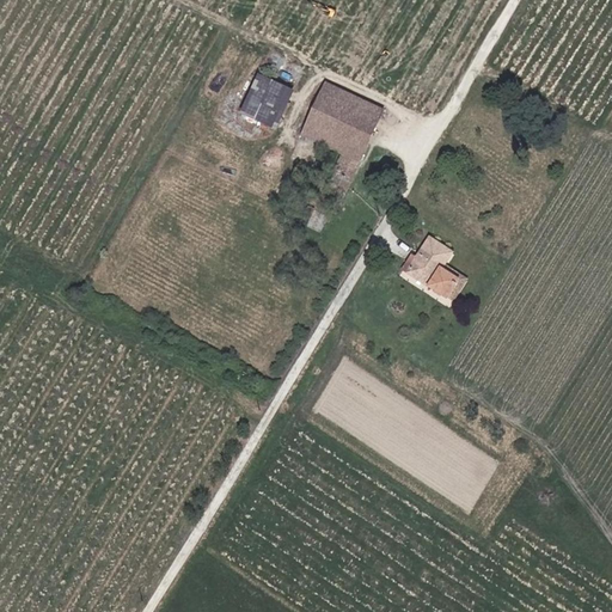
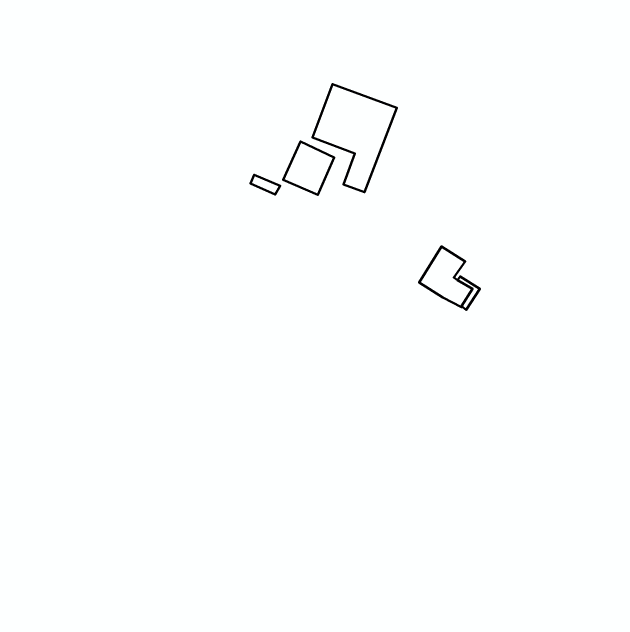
building: [241,73,290,124] -> [283,142,334,195]

